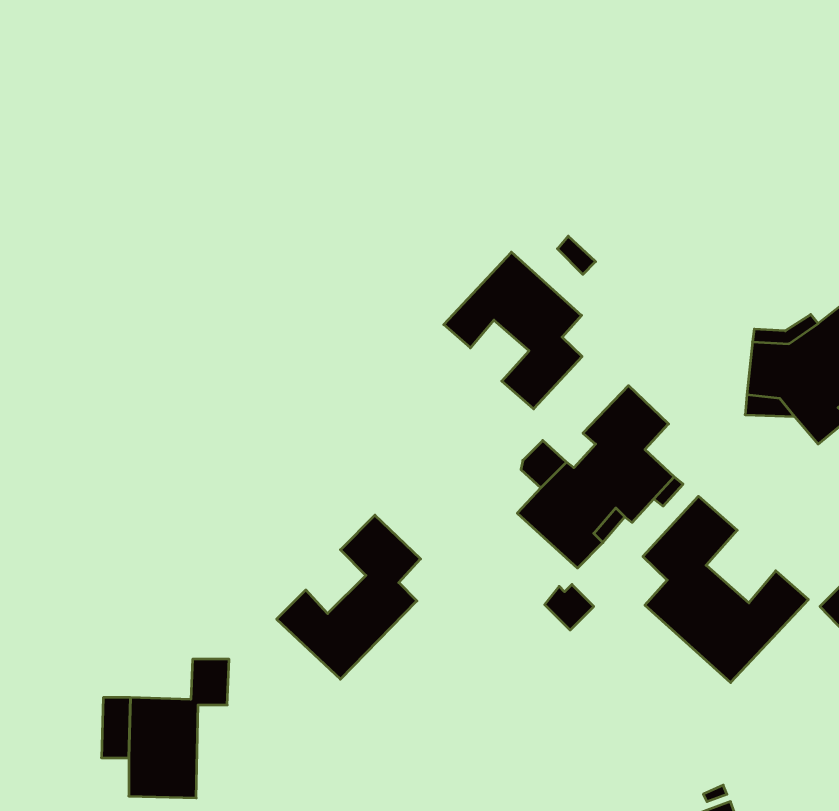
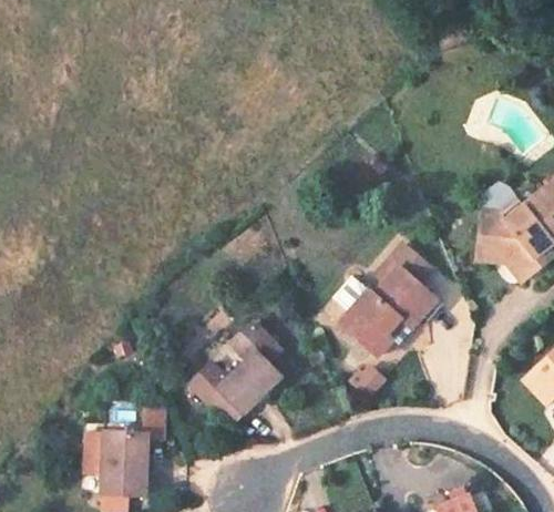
building: [444,252,582,409] -> none
building: [643,496,808,683] -> none

